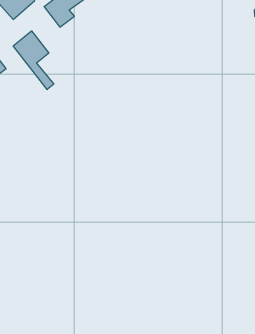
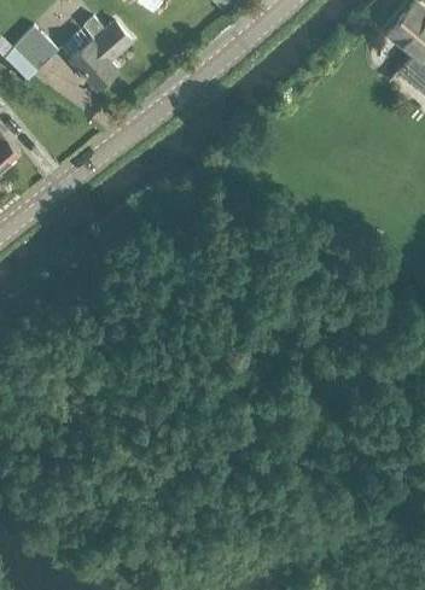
building: [13,31,54,90] -> none

